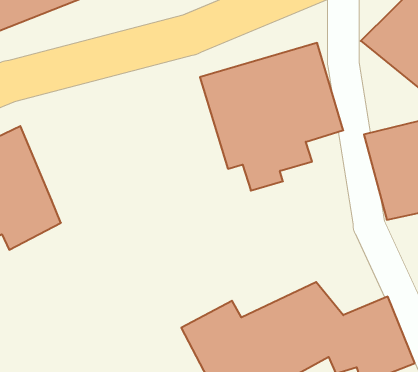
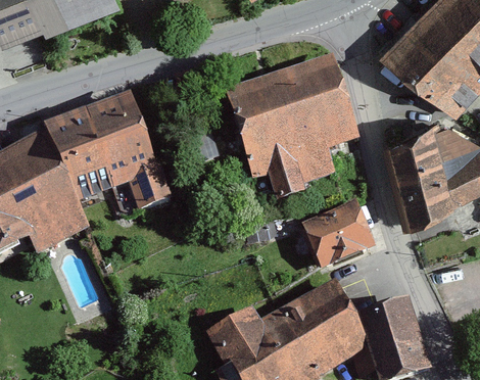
building: none -> [46,97,173,207]
building: none -> [303,204,378,272]

